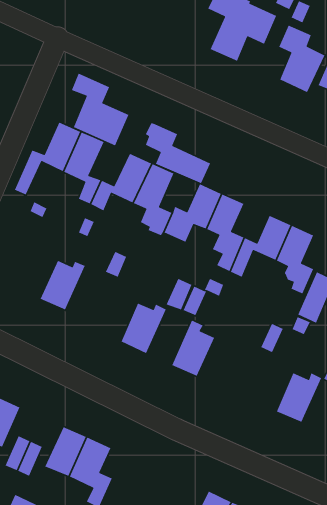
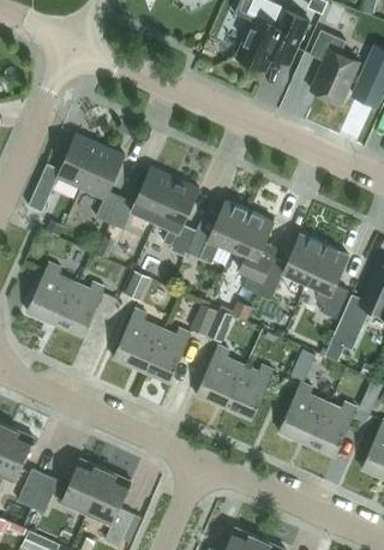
building: [71,73,130,146] -> none
building: [145,122,211,184] -> none
building: none -> [28,262,74,323]
building: none -> [113,309,160,369]
building: none -> [223,364,274,419]
building: none -> [278,382,325,443]

